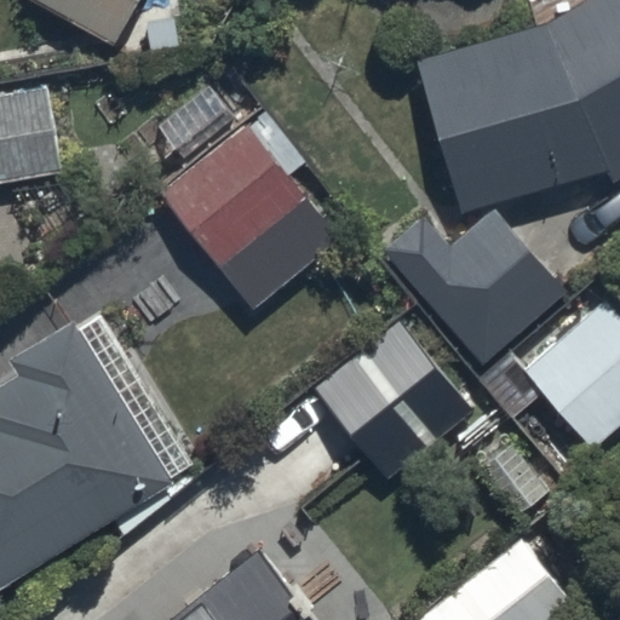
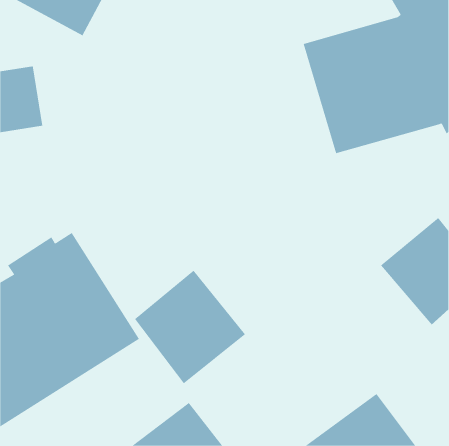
building: [161,107,339,309] -> none
building: [380,208,567,363] -> none
building: [317,322,471,480] -> [134,270,246,384]

